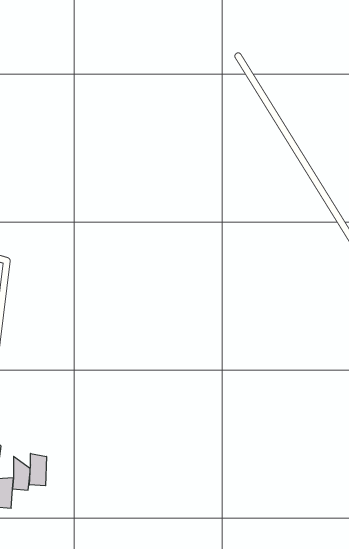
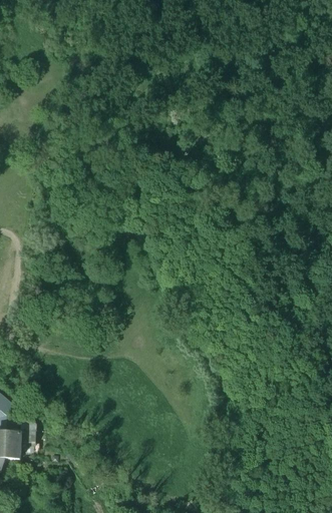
building: [30,453,46,486] -> none

